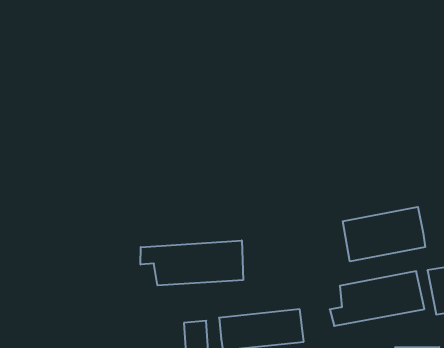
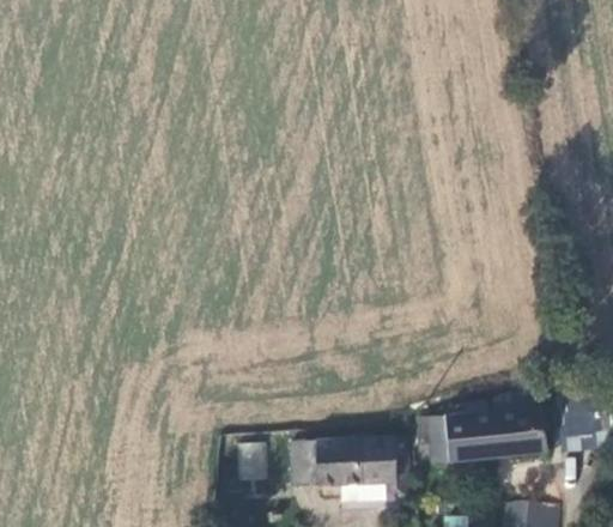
building: [343,207,425,261] -> none
building: [141,240,243,285] -> none

